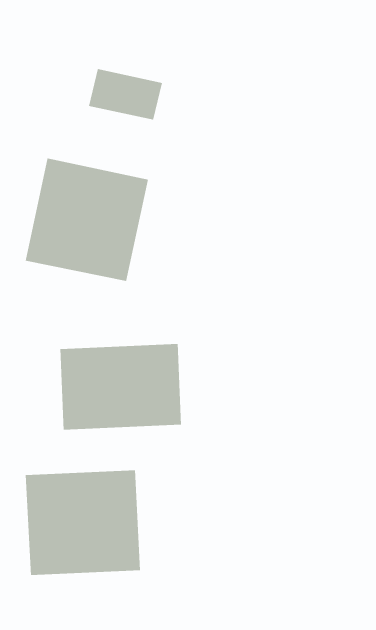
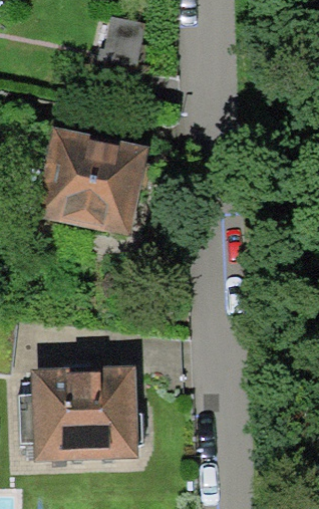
building: [60,343,182,431] -> none

